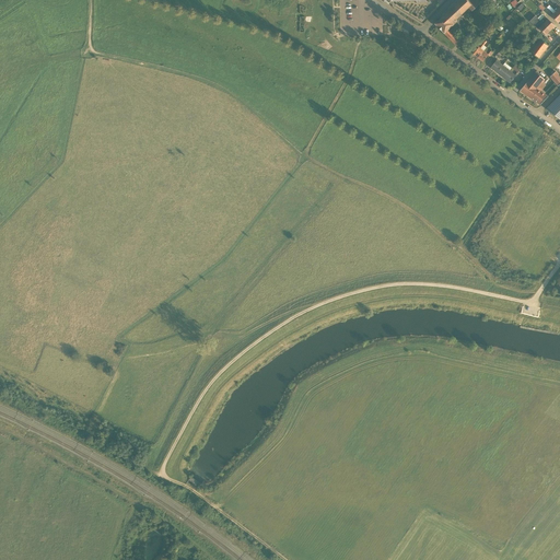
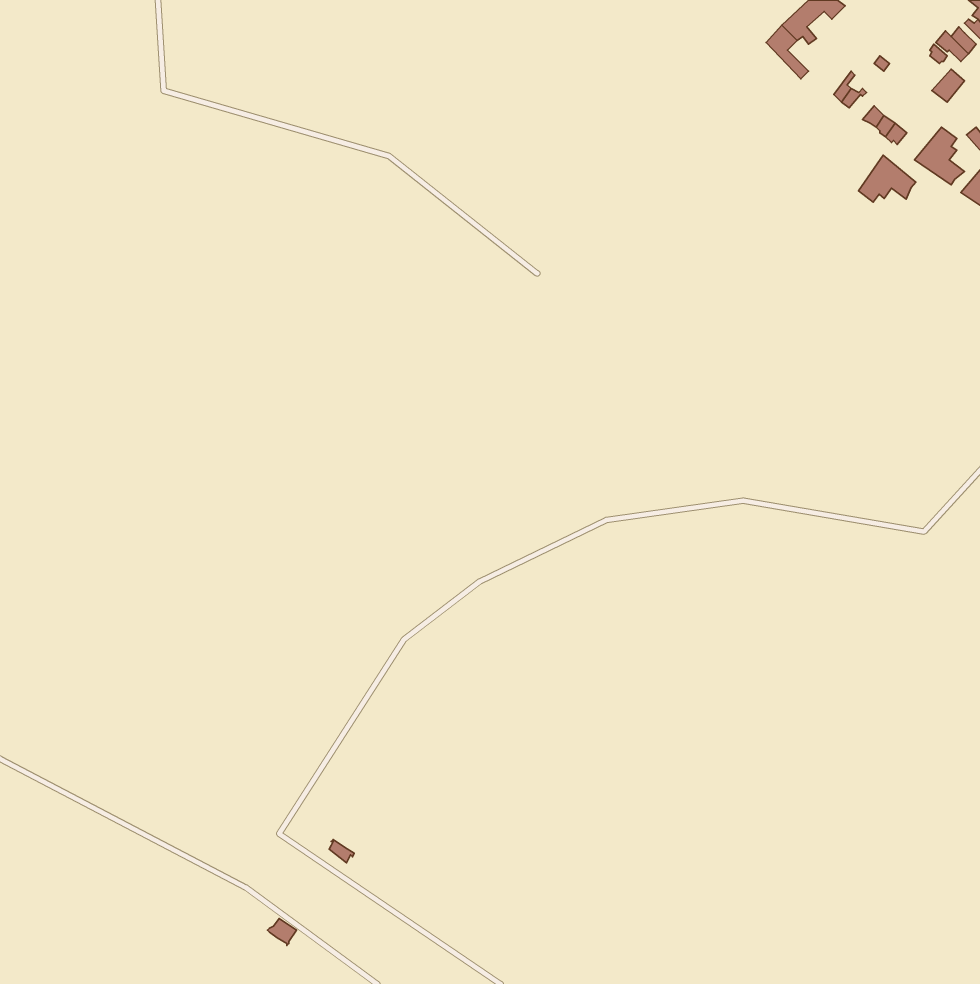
building: none -> [859,155,916,202]

